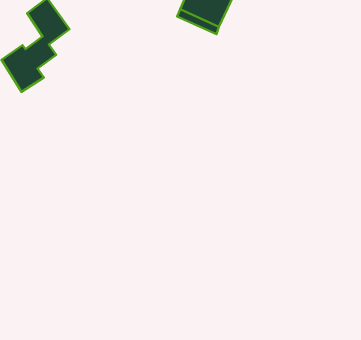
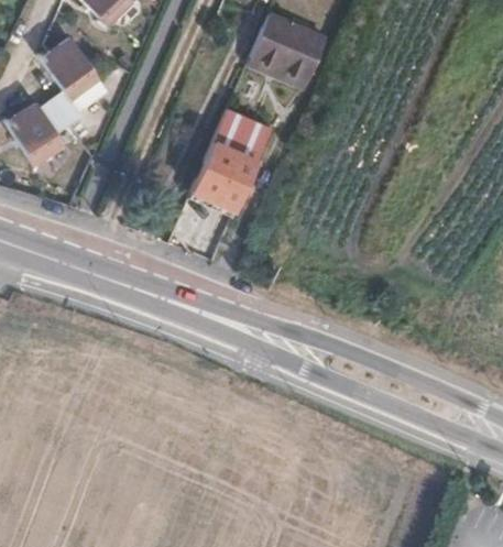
building: none -> [194,116,271,209]

